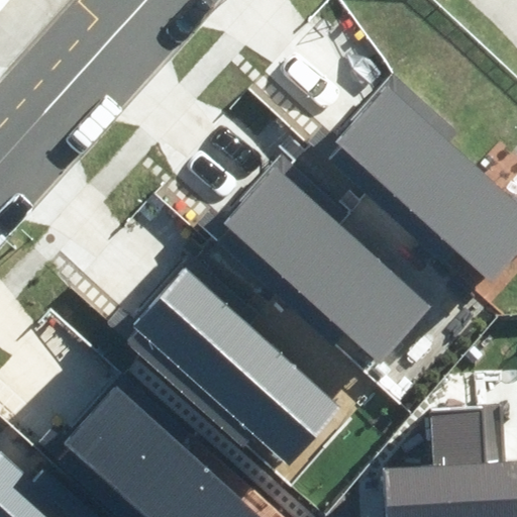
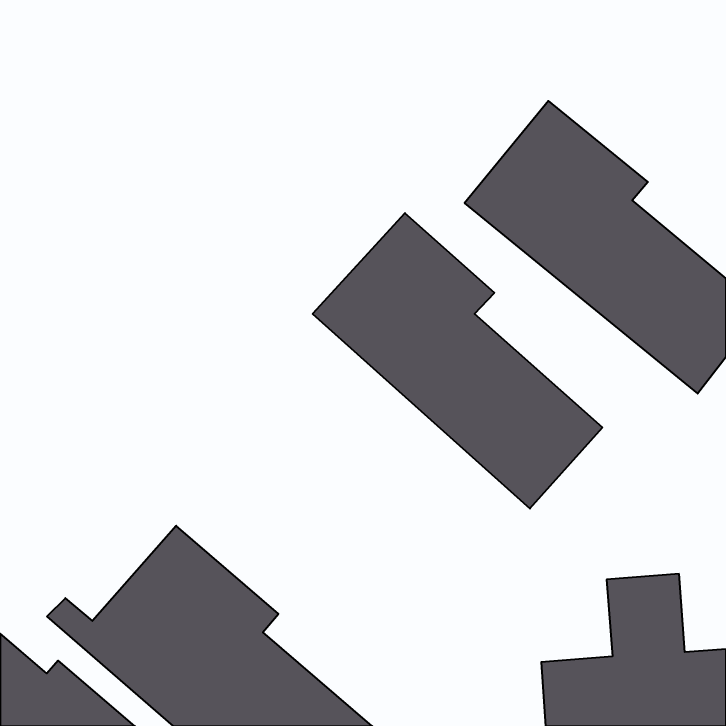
building: [121,254,337,464] -> none

